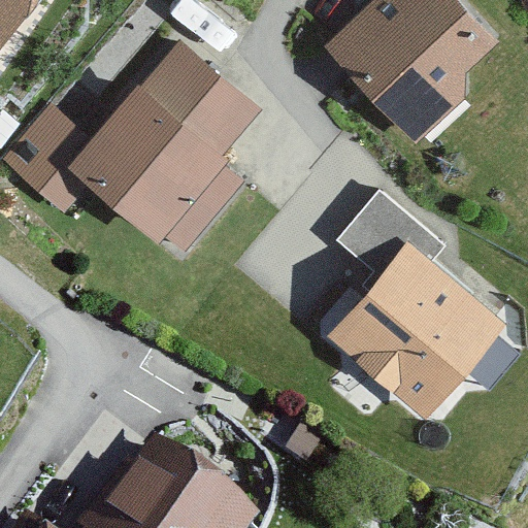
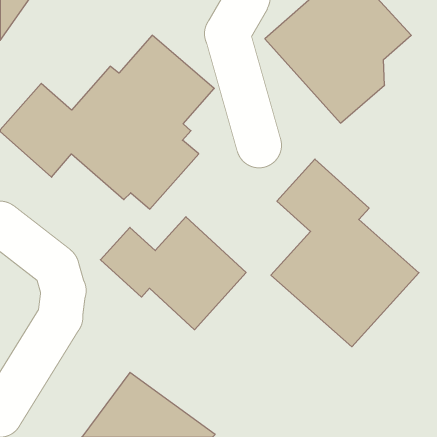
building: none -> [100,217,246,330]

